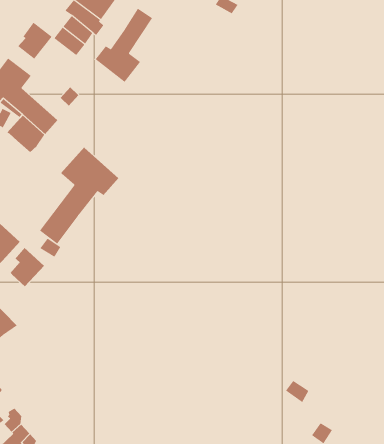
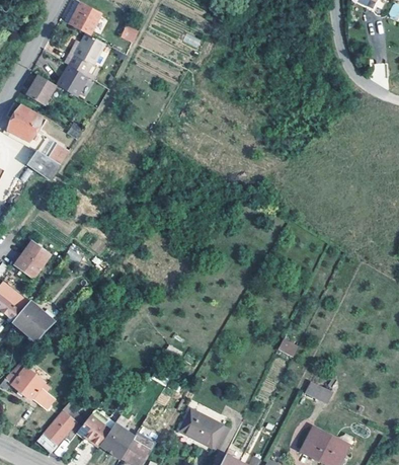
building: [95,8,153,83] -> none
building: [39,146,119,244] -> none
building: [10,247,45,287] -> none

